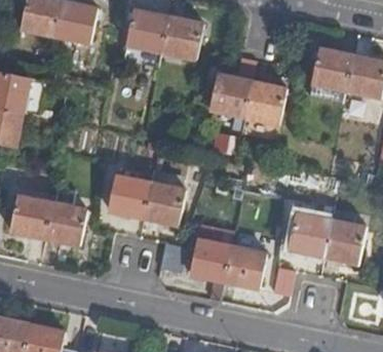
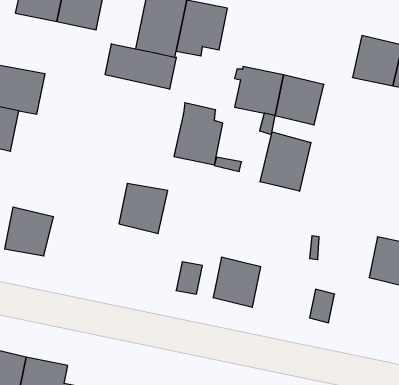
building: none -> [105,44,176,89]
building: none -> [260,132,311,191]
building: [143,171,185,225] -> [174,103,223,165]
building: [44,203,87,244] -> none
building: [289,213,332,256] -> none
building: [224,246,267,289] -> none

